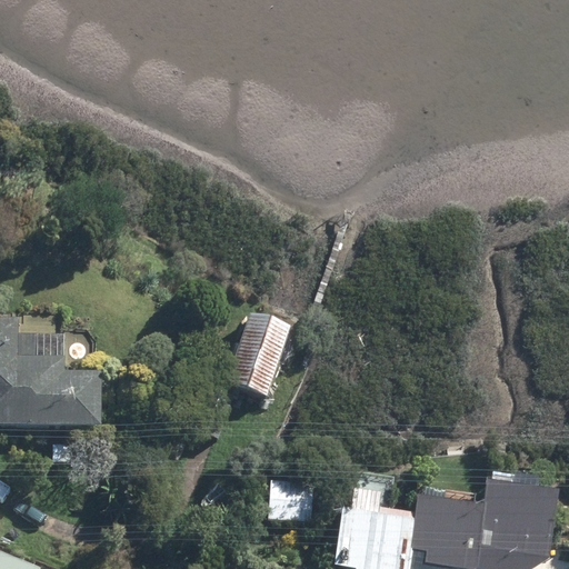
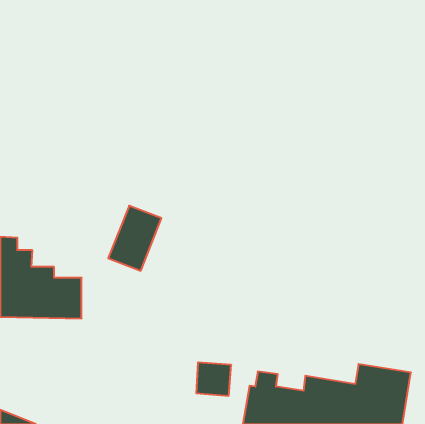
building: [222,316,293,402] -> [108,206,161,271]

